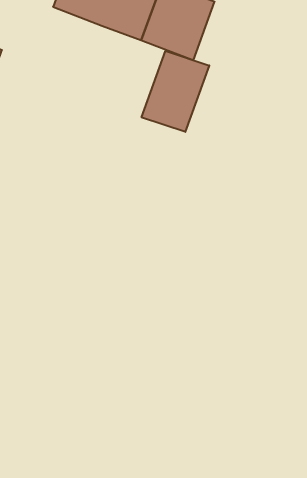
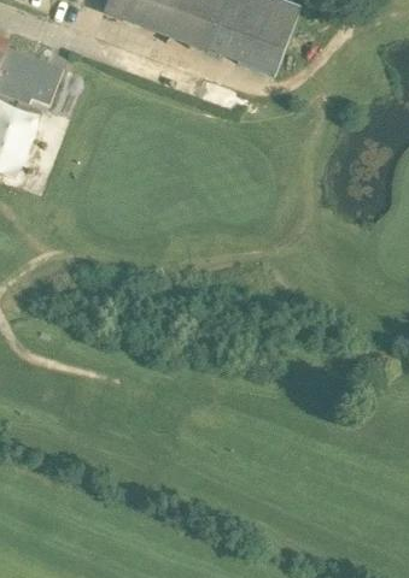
building: [142,51,209,132] -> none

